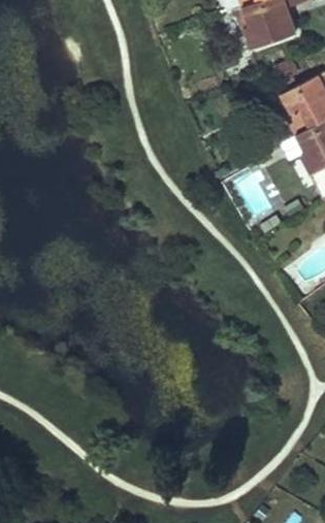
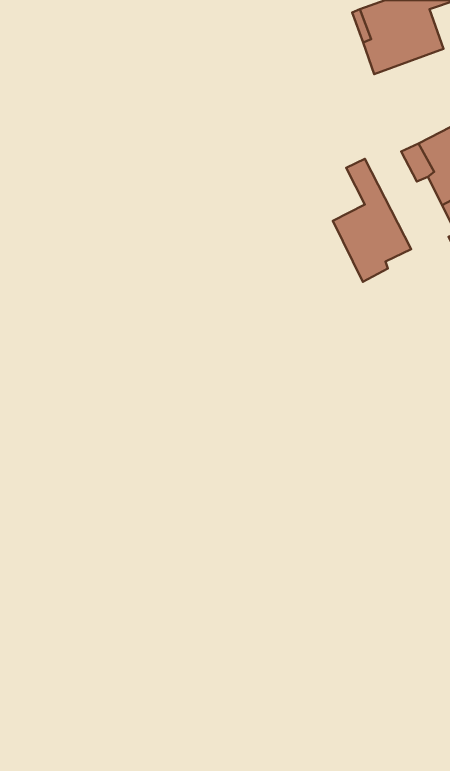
building: none -> [333,159,411,282]

